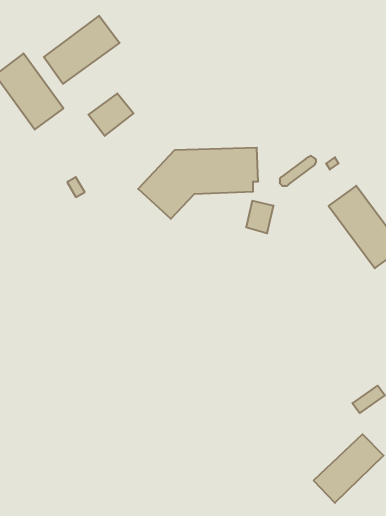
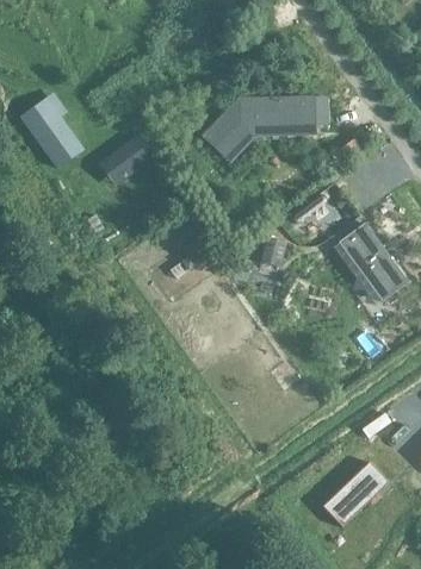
building: [44,16,120,84] -> none
building: [138,148,258,219] -> [200,95,315,163]

